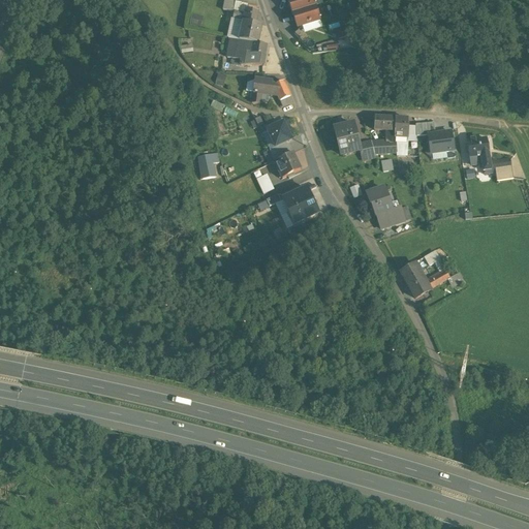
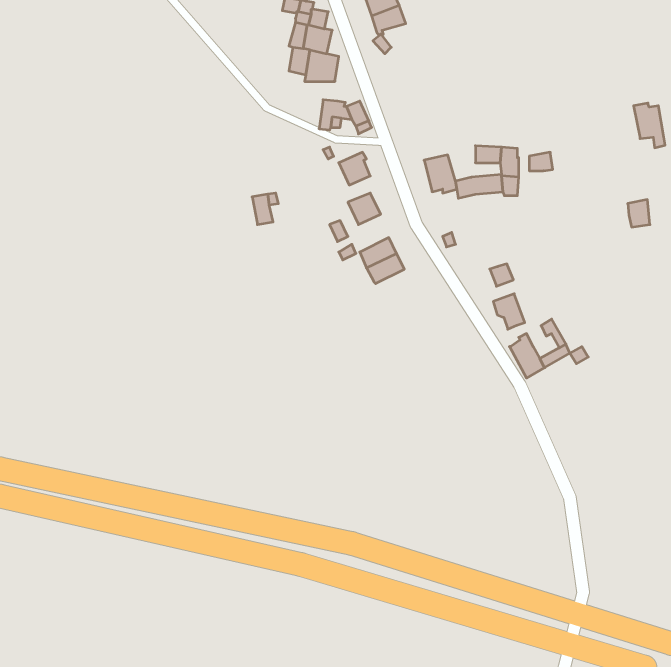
building: [428,130,454,152] -> none
building: [466,134,491,169] -> [634,103,665,148]
building: [367,187,392,215] -> [493,294,525,329]

